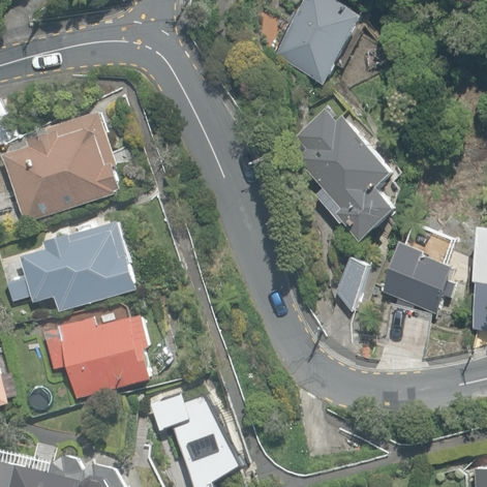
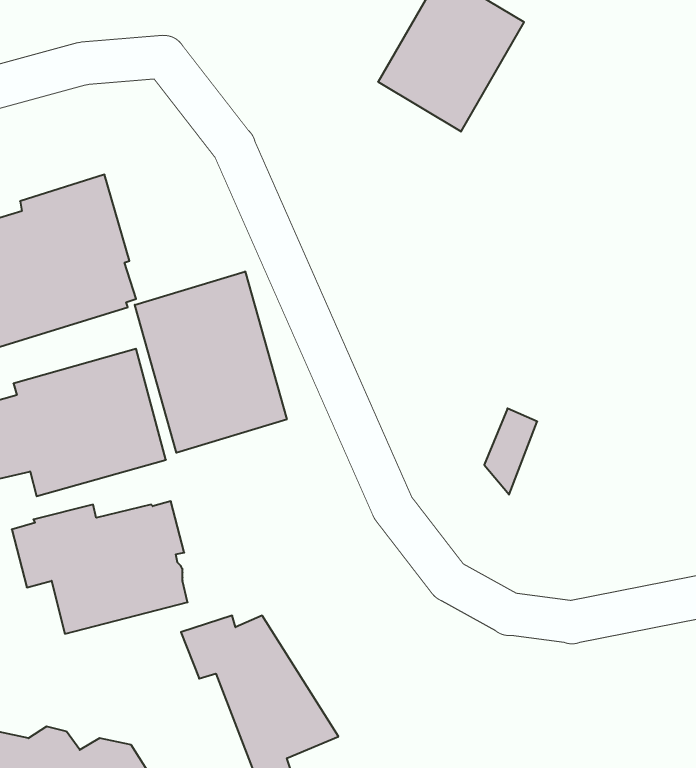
building: [294,109,397,243] -> none
building: none -> [135,271,287,453]
building: [381,241,455,312] -> none

